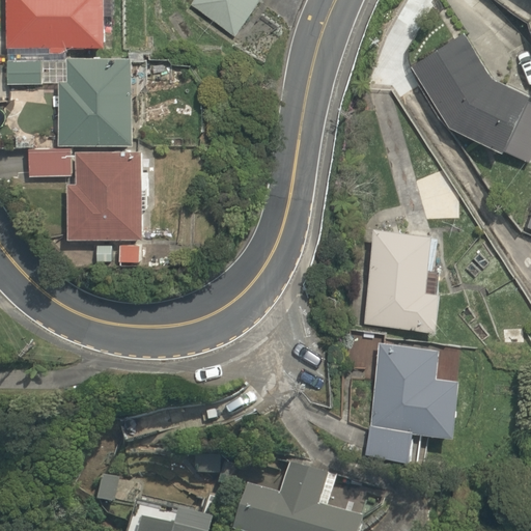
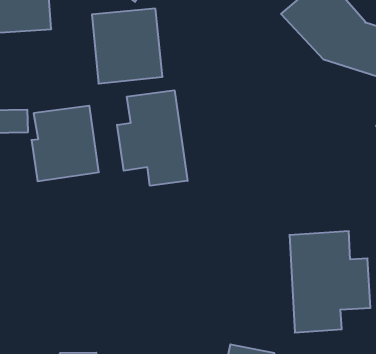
building: [56,60,137,147] -> [92,9,163,84]
building: none -> [117,90,188,186]
building: [359,224,442,332] -> none

